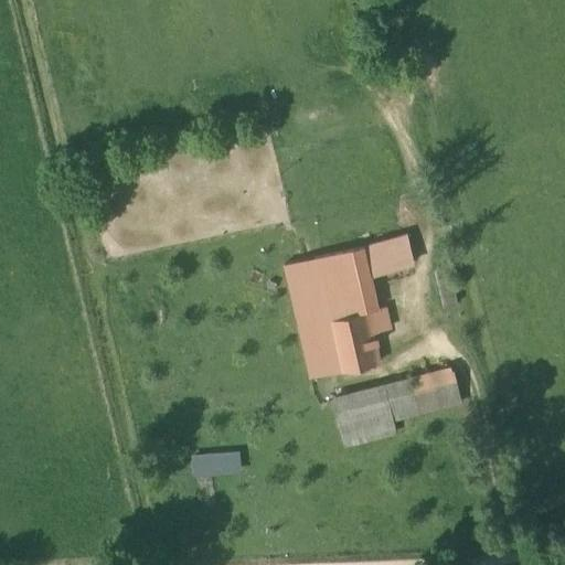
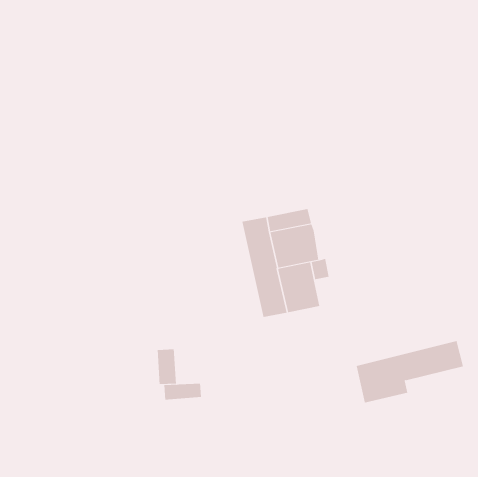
building: [364,236,414,275] -> none
building: [334,371,461,445] -> [356,340,464,403]
building: none -> [157,348,176,385]

